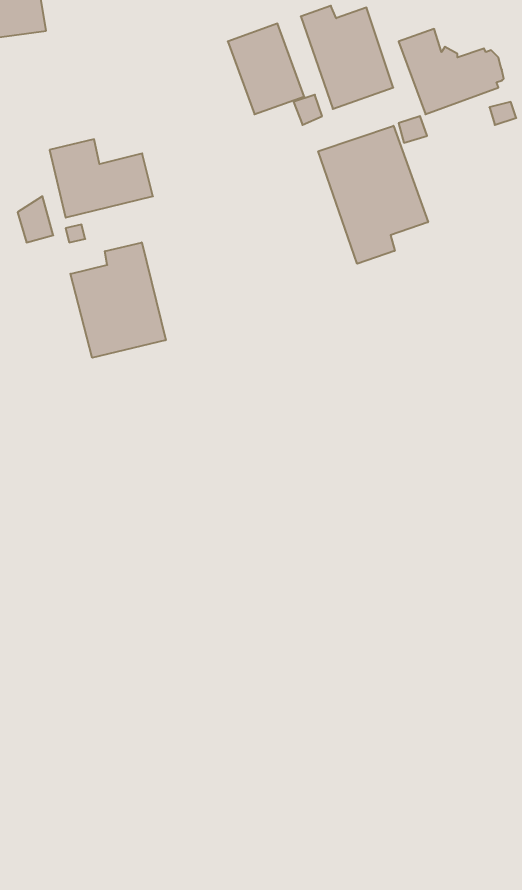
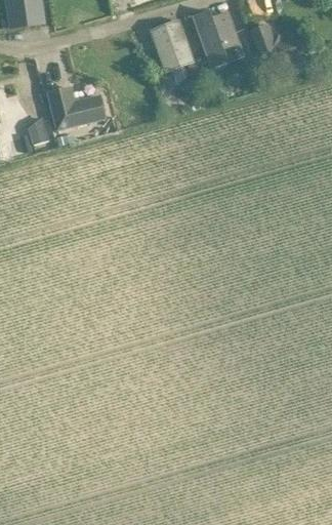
building: [318,126,428,264] -> none
building: [70,242,166,358] -> none

